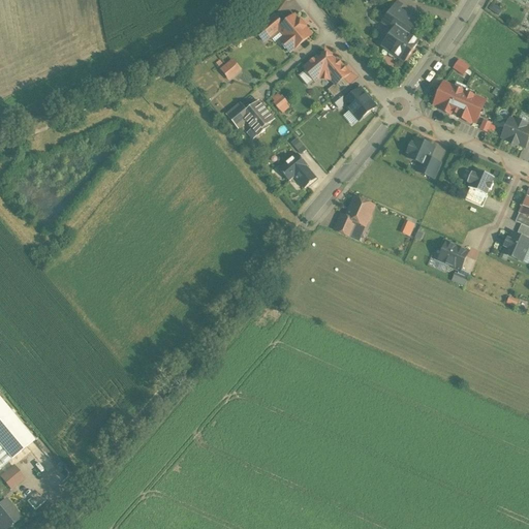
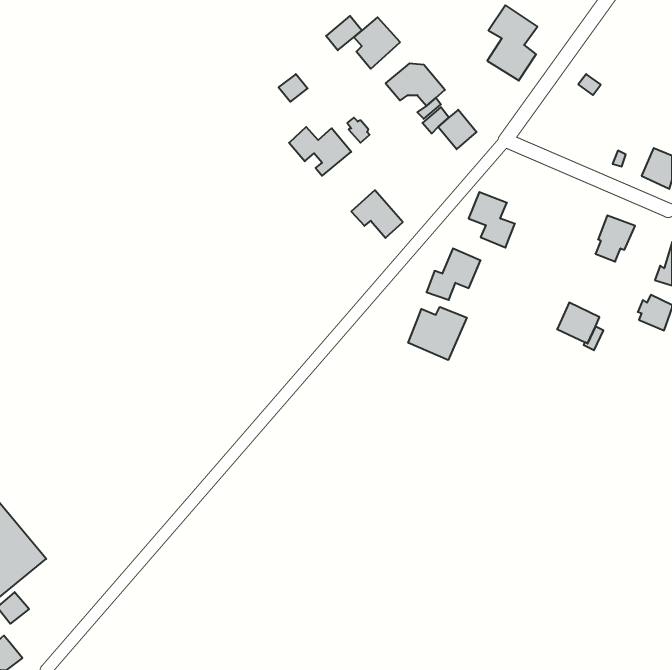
building: [433,81,489,126] -> none
building: [406,136,442,180] -> [469,192,515,248]
building: none -> [408,307,467,360]

